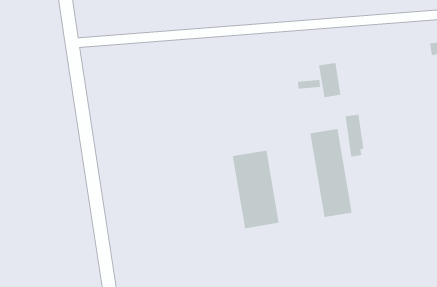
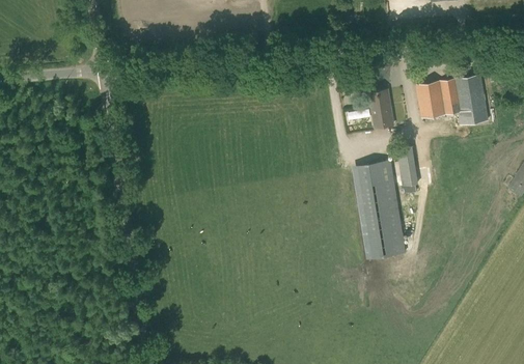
building: none -> [415,75,487,124]
building: [232,150,279,229] -> none

